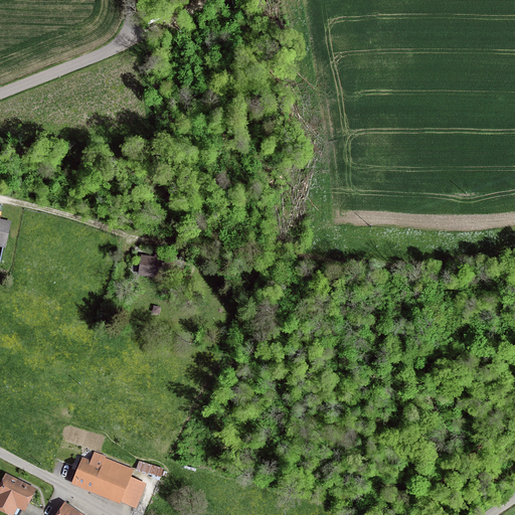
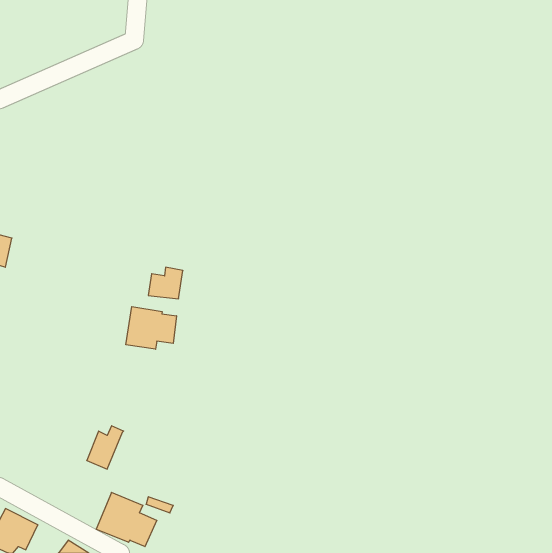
building: none -> [126,307,176,349]
building: [70,452,105,492] -> [87,426,124,469]

